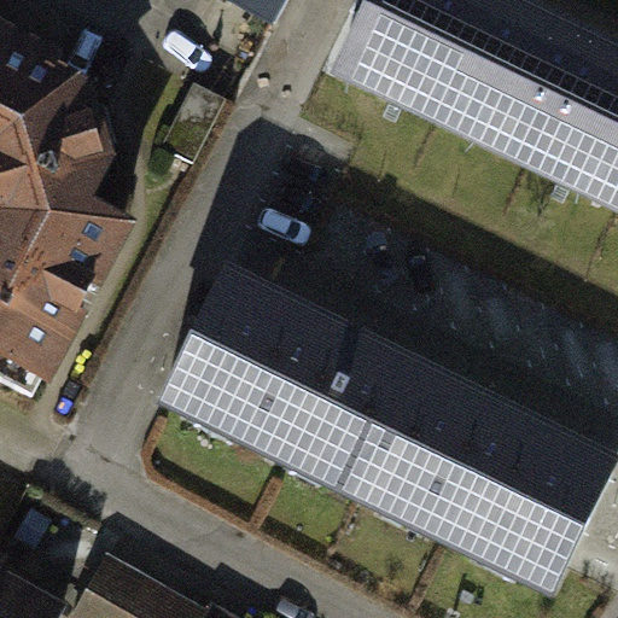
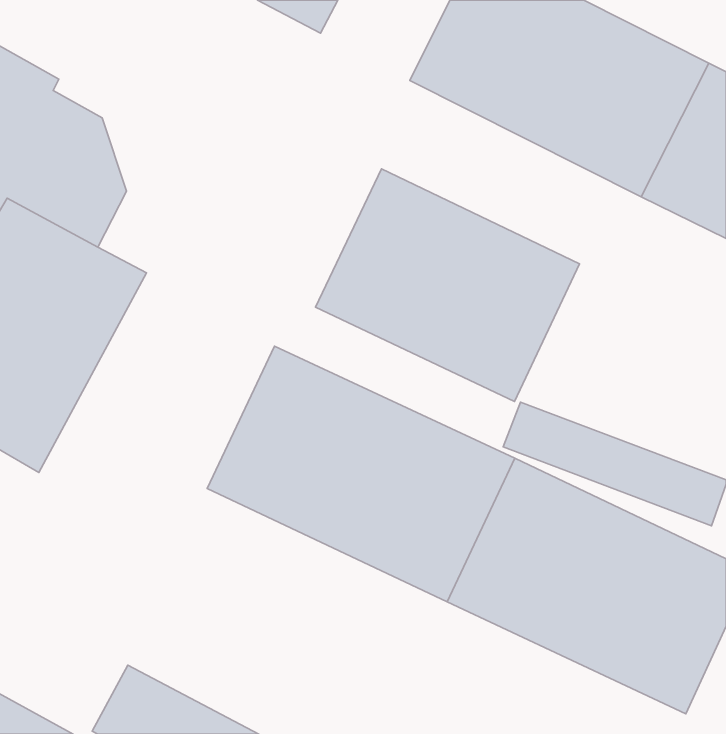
building: none -> [316,169,579,401]

